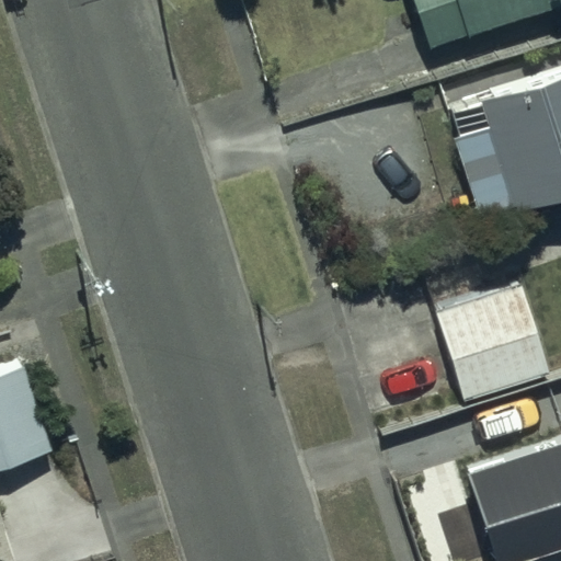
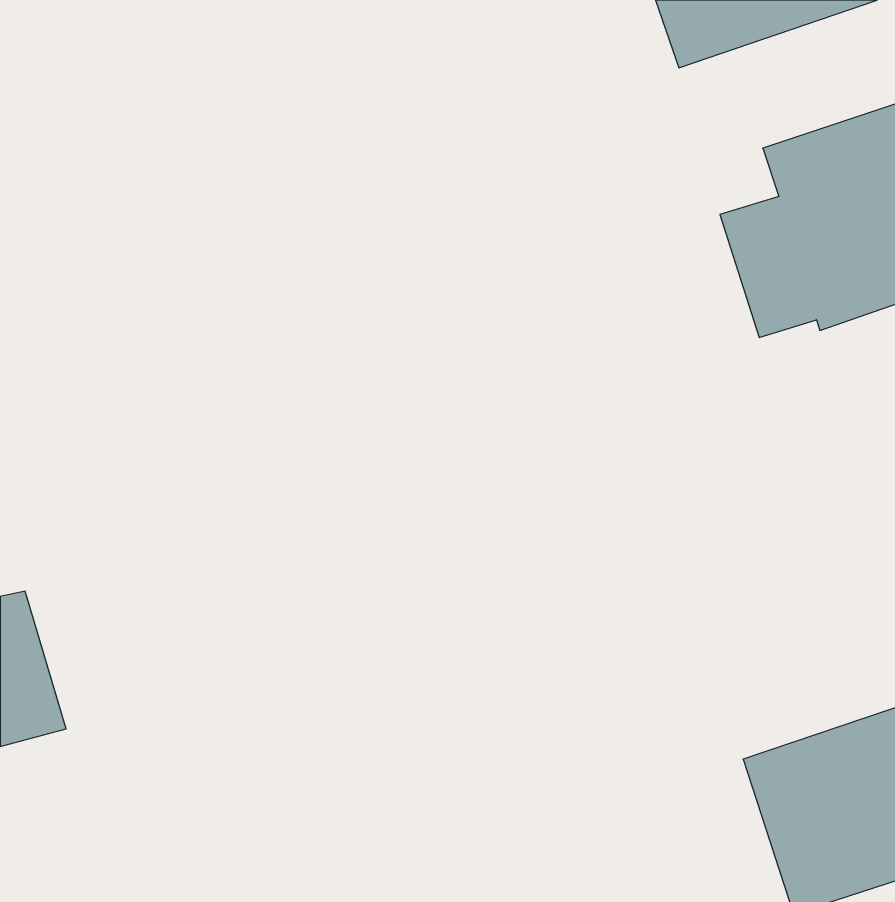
building: [437,287,548,400] -> none

